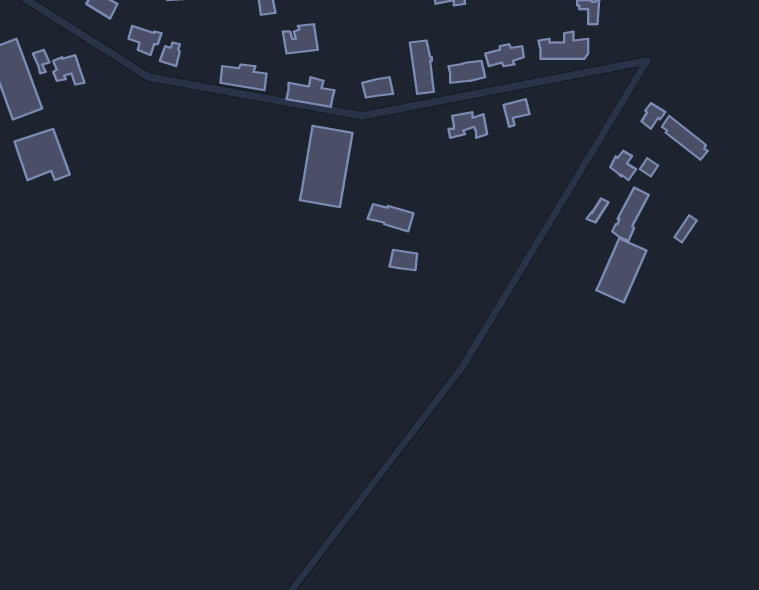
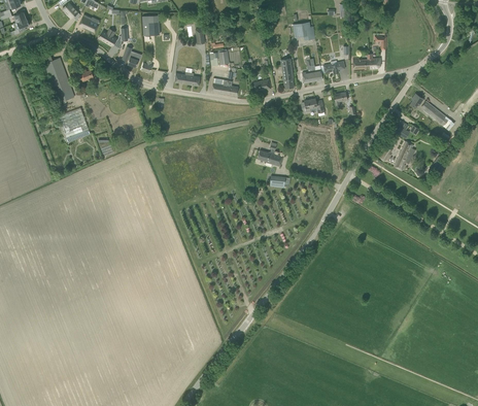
building: [300,126,352,207] -> none
building: [596,238,647,302] -> none

